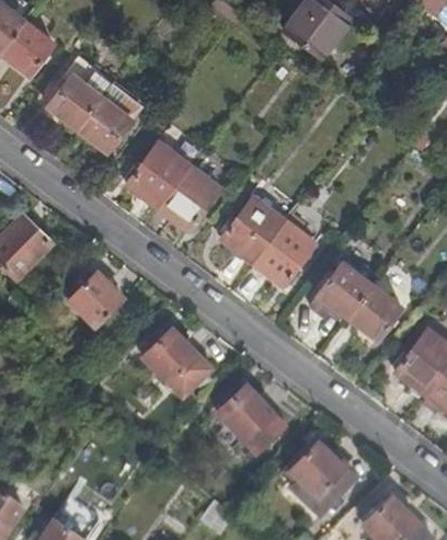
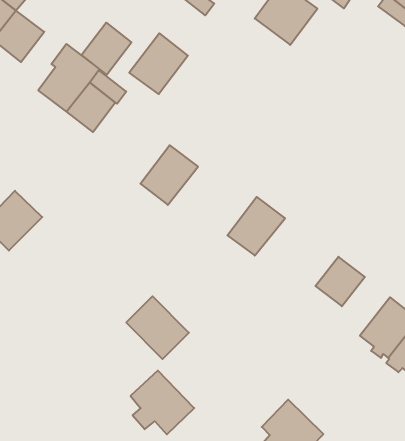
building: none -> [82,23,131,75]
building: [126,141,190,207] -> [129,33,188,94]
building: [221,197,284,263] -> none
building: [310,263,372,318] -> none
building: [68,272,123,326] -> none
building: [216,384,285,453] -> [131,371,194,434]

